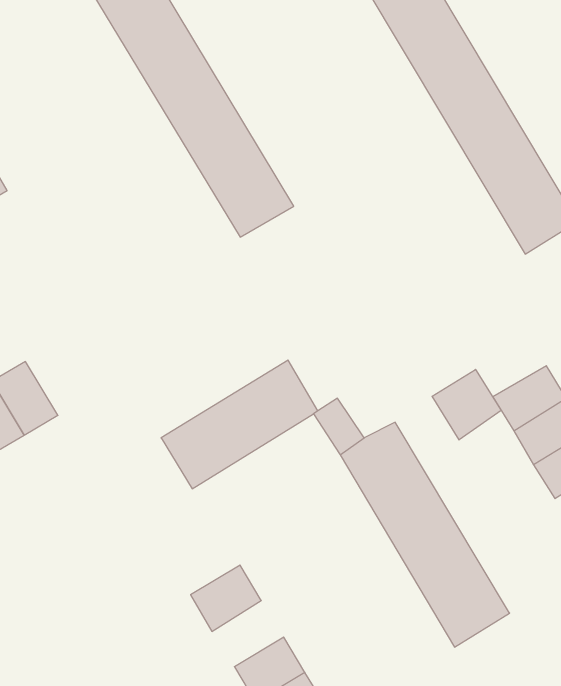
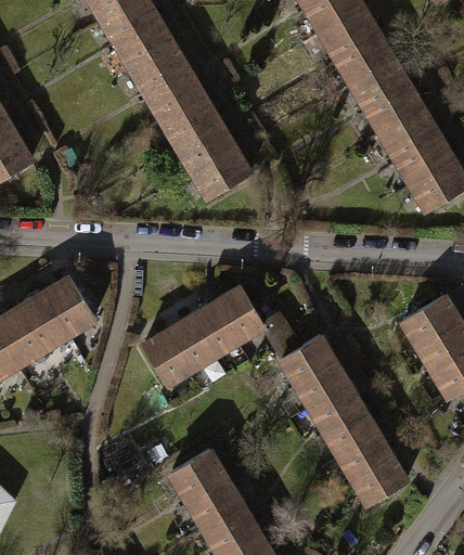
building: none -> [41,275,92,333]
building: [432,369,501,440] -> none
building: none -> [184,475,240,526]

